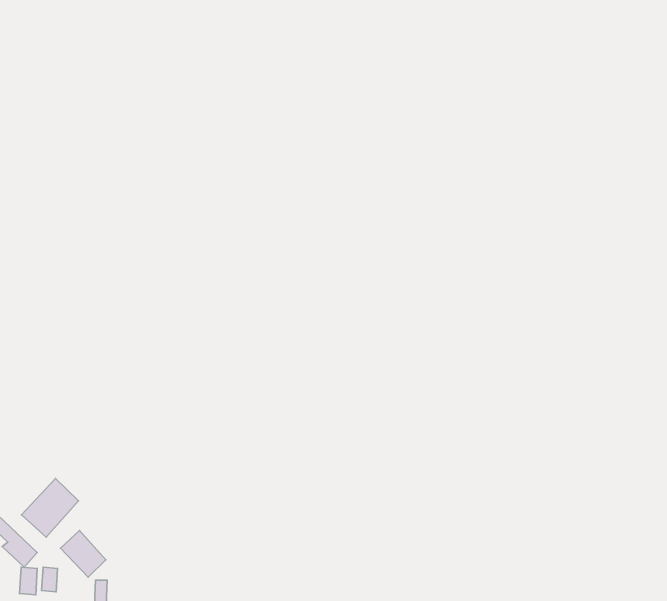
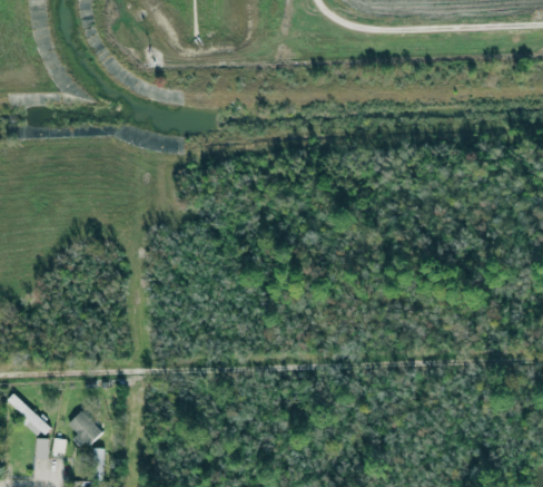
building: [22,479,78,537] -> none

